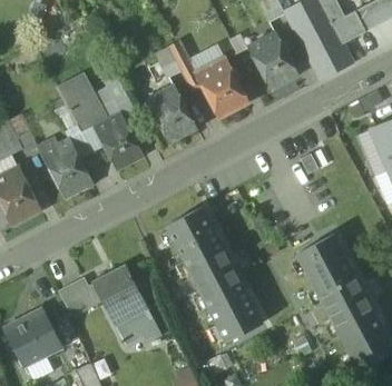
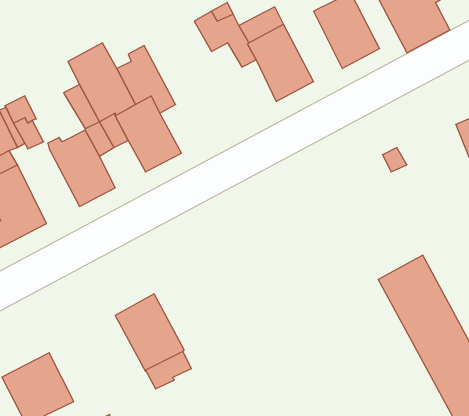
building: [146,85,196,143] -> none
building: [167,208,262,342] -> none
building: [57,278,94,316] -> none

